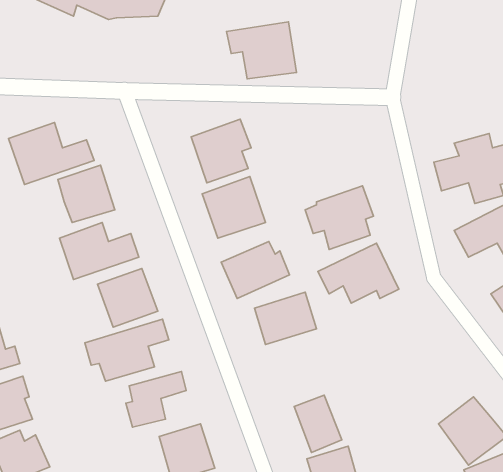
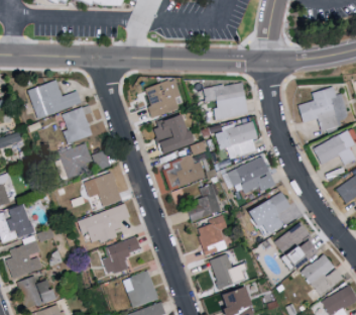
building: [227,22,296,79] -> [204,82,248,118]
building: none -> [244,191,289,234]
building: none -> [195,216,227,255]
building: none -> [272,221,313,267]

